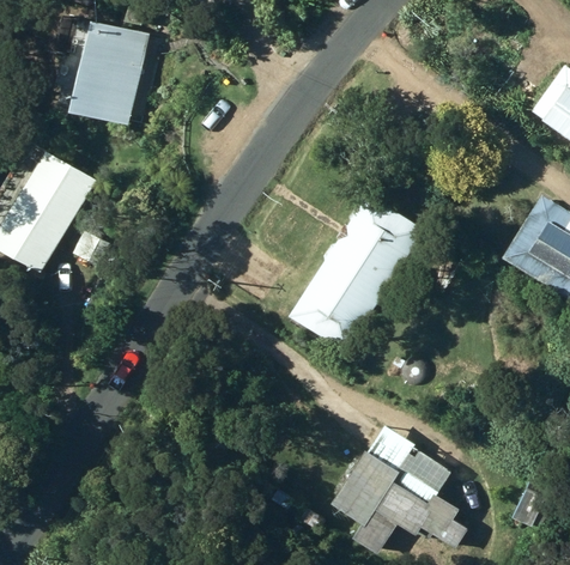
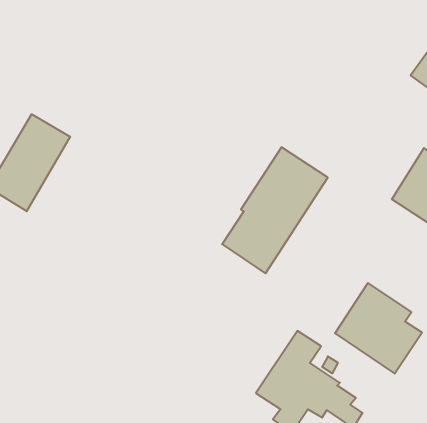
building: [72,22,148,124] -> none
building: none -> [335,283,422,374]

